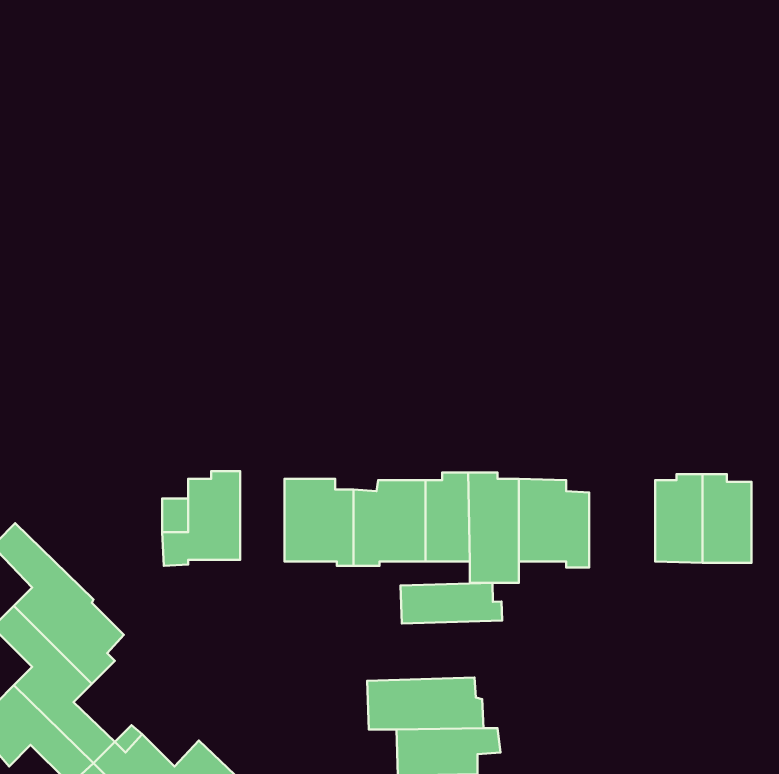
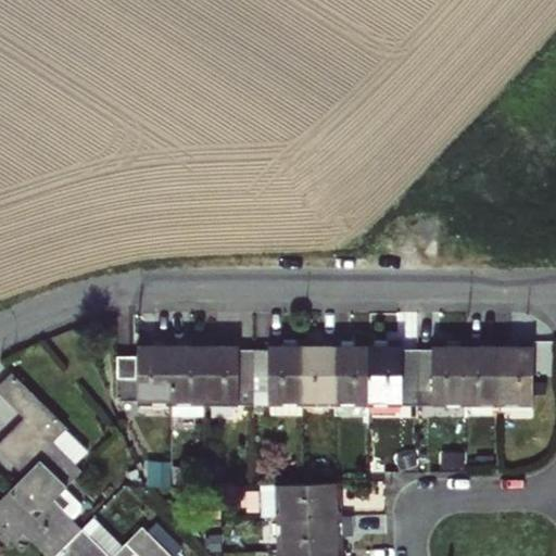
building: none -> [170,340,202,417]
building: none -> [418,346,465,408]
building: [401,583,502,623] -> none

